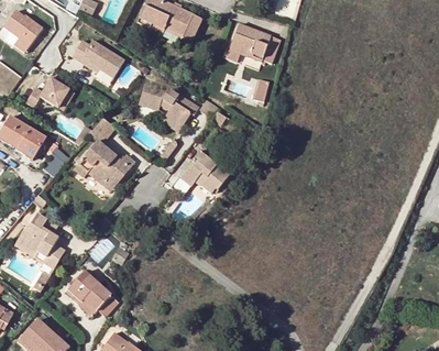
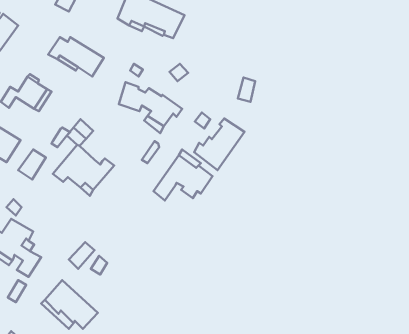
building: [226,23,279,63] -> none
building: none -> [194,118,244,170]

